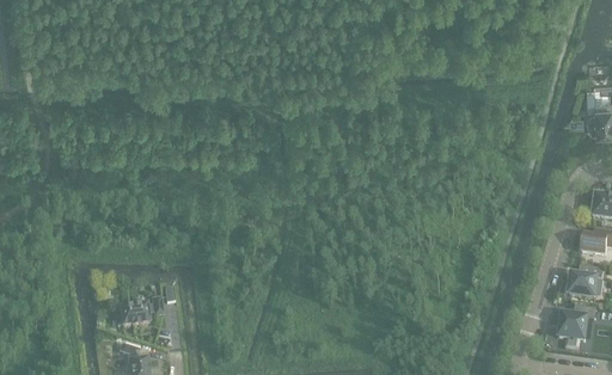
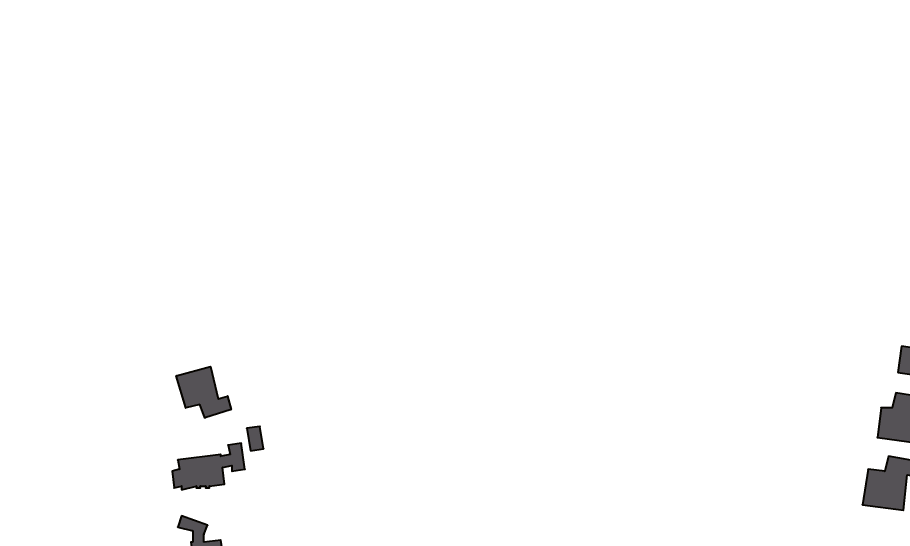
building: none -> [176,367,231,418]

